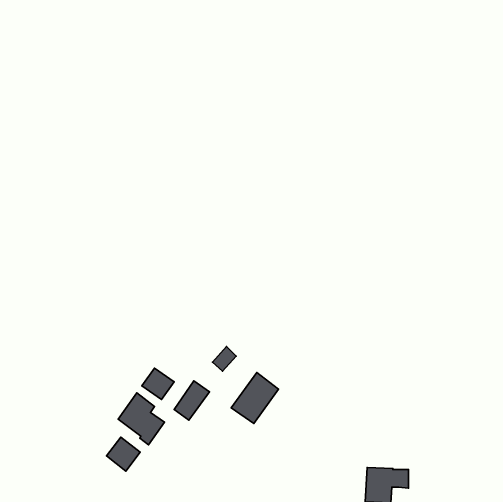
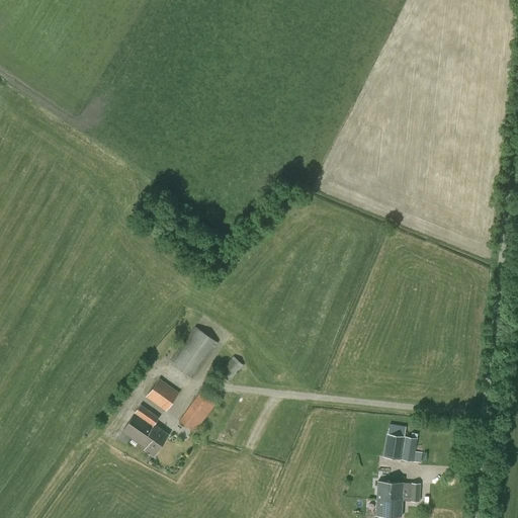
building: [231,372,278,424] -> [169,327,218,379]
building: none -> [382,425,422,463]
building: [106,437,140,471] -> none

